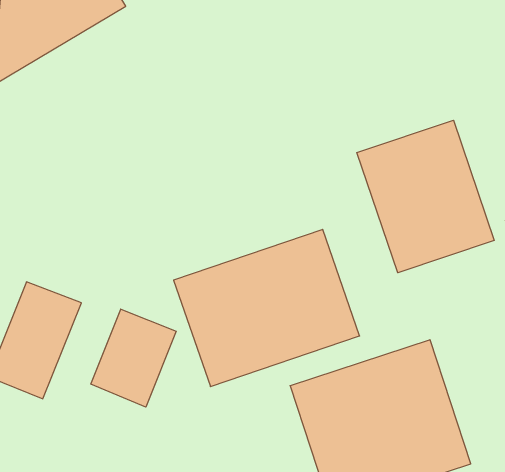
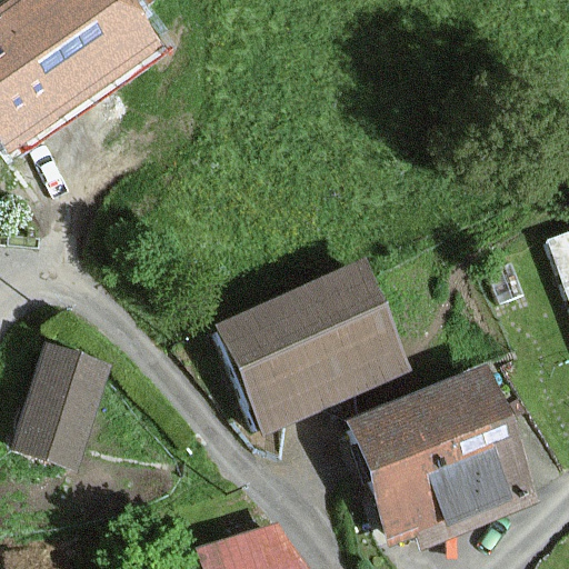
building: [357,120,494,273] -> none
building: [91,309,176,407] -> none

